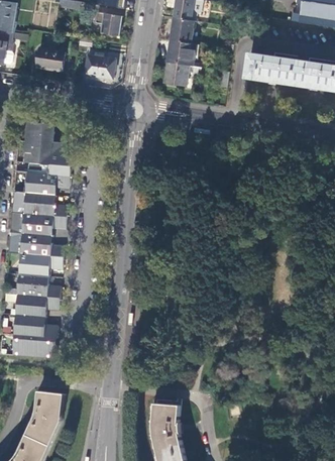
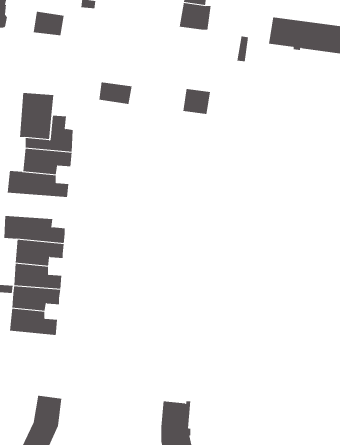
building: [86,59,116,79] -> [99,82,133,104]
building: [162,63,188,86] -> [182,89,211,115]
building: [10,211,67,234] -> none
building: [13,334,57,358] -> none

